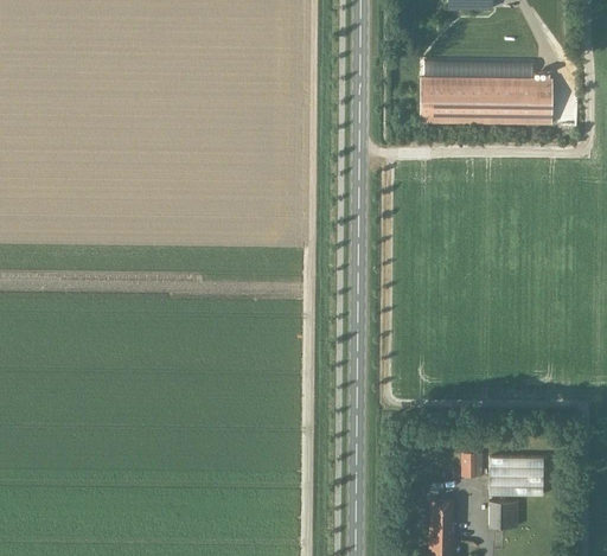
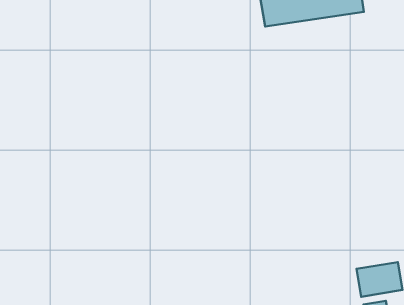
building: [461,452,481,477] -> none

